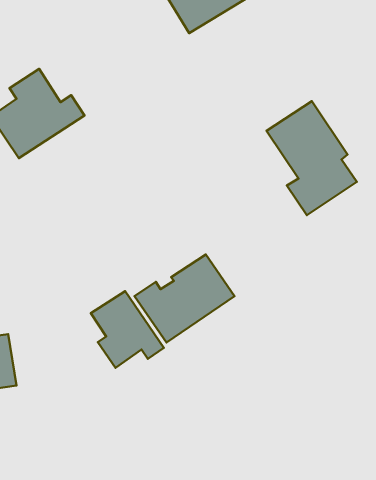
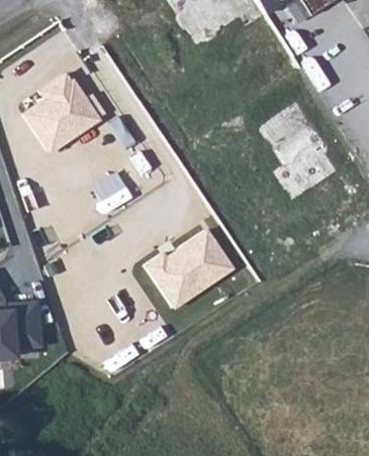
building: [91,291,164,368] -> none

